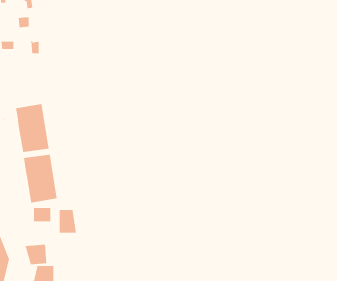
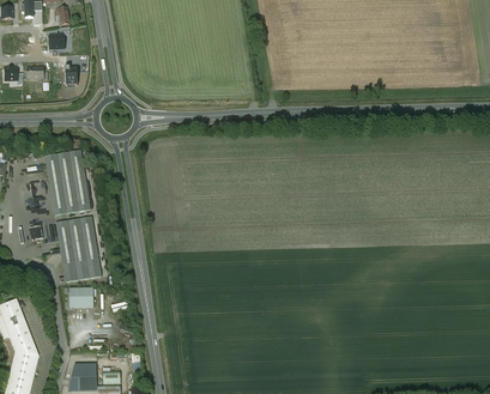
building: [59,209,76,233] -> none
building: [25,244,47,265] -> none

